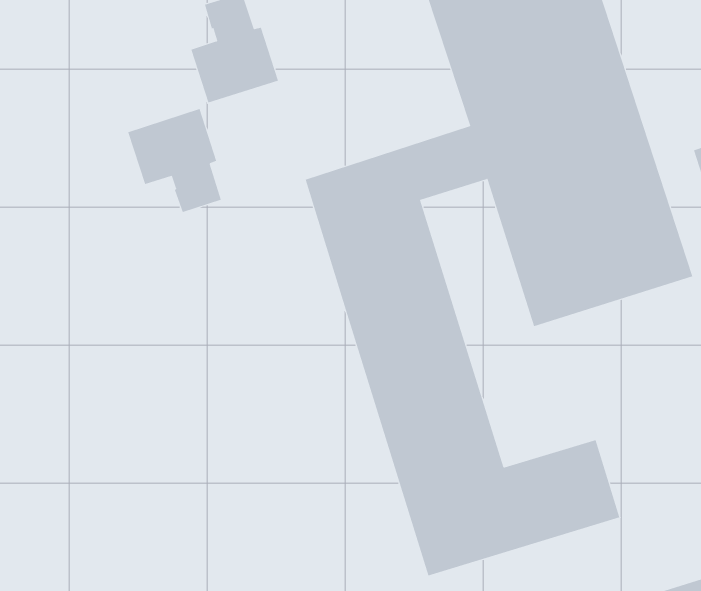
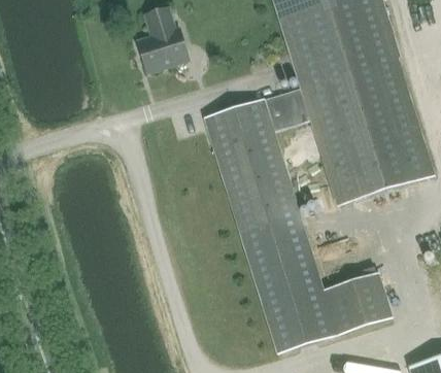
building: [128,108,221,213] -> none

